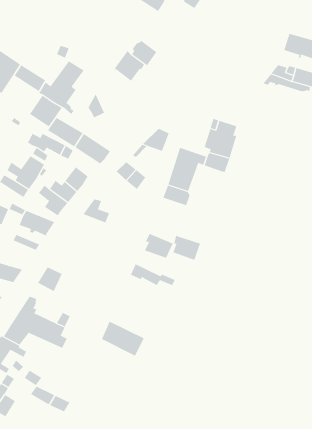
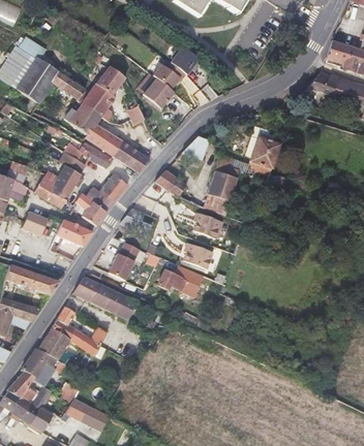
building: none -> [143,76,176,107]
building: none -> [110,243,140,281]
building: [172,235,201,261] -> [195,213,224,238]
building: [101,321,145,356] -> [92,284,137,320]

